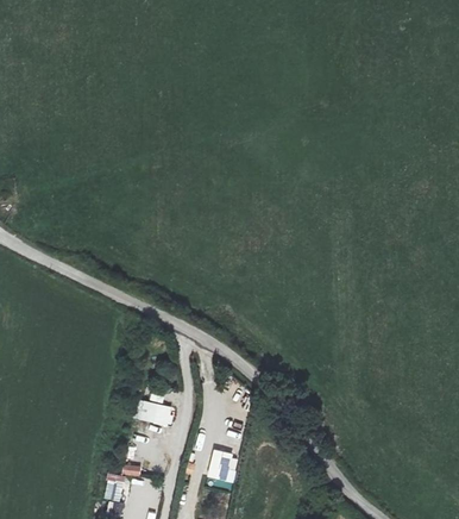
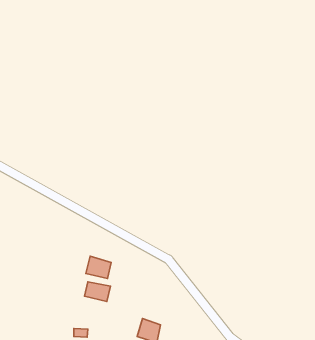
building: none -> [86,256,111,279]

